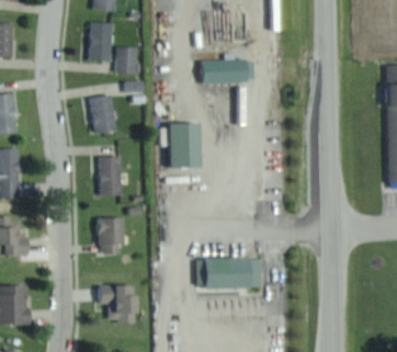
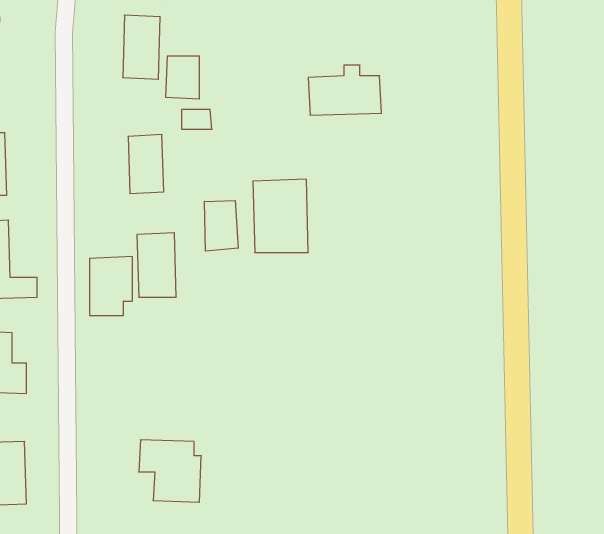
building: none -> [204,201,238,251]
building: [99,217,125,253] -> [90,257,132,315]
building: [197,258,262,288] -> none

